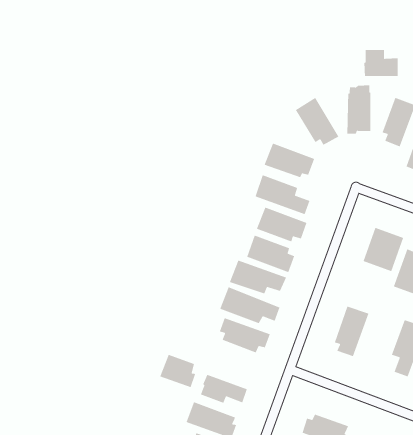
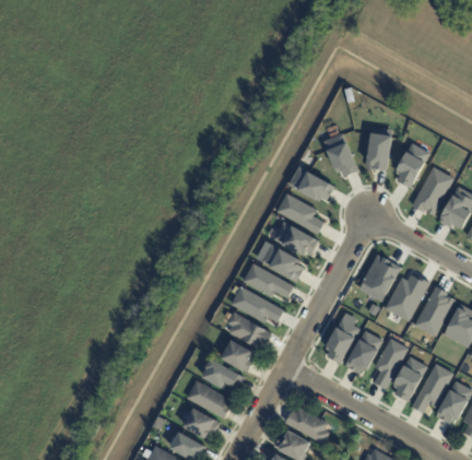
building: [364,49,398,77] -> none
building: none -> [345,330,382,374]
building: [159,354,196,388] -> [221,340,253,373]

